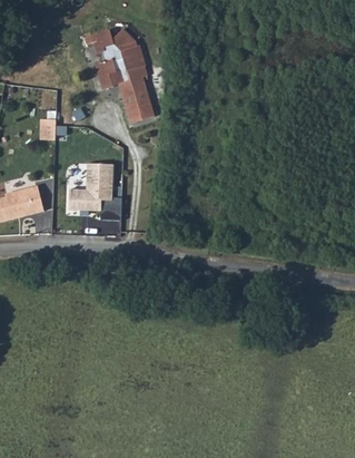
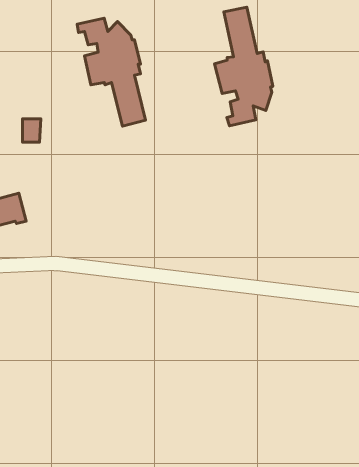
building: none -> [214,7,273,126]
building: [67,164,121,221] -> none

